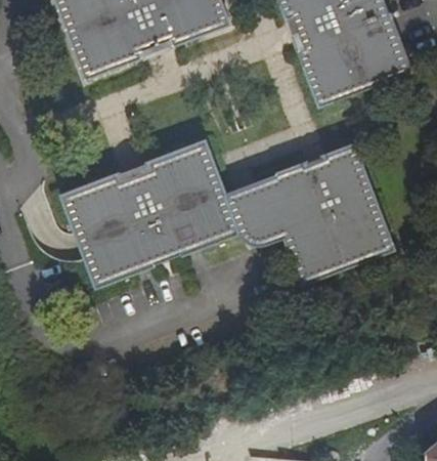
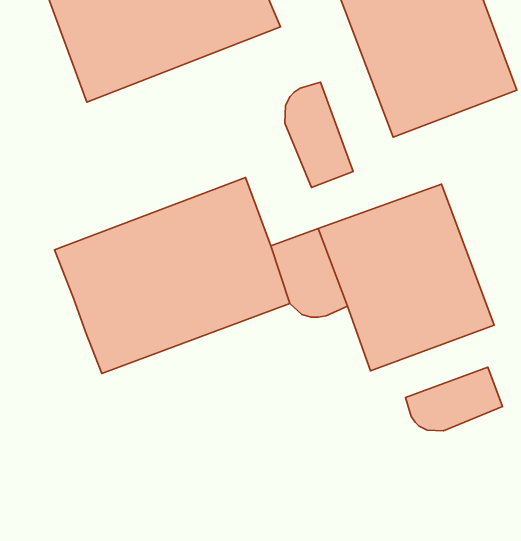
building: none -> [285,82,353,187]
building: none -> [406,367,503,431]

